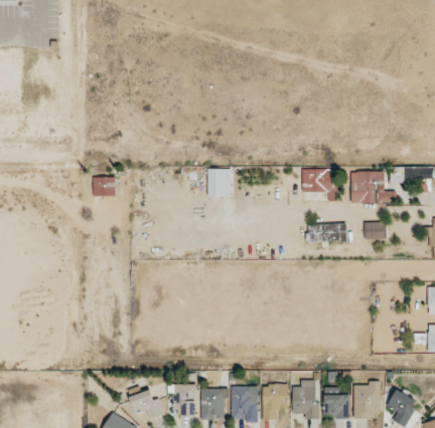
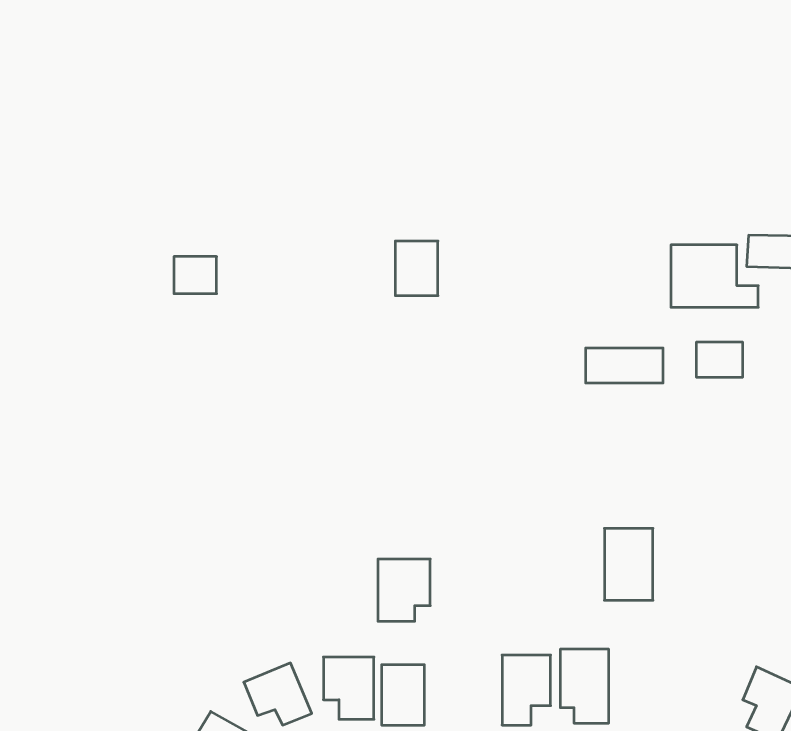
building: [302,169,332,192] -> none
building: [354,381,380,418] -> [604,528,653,600]
building: [231,386,258,418] -> [378,559,430,621]
building: [324,387,349,418] -> none

